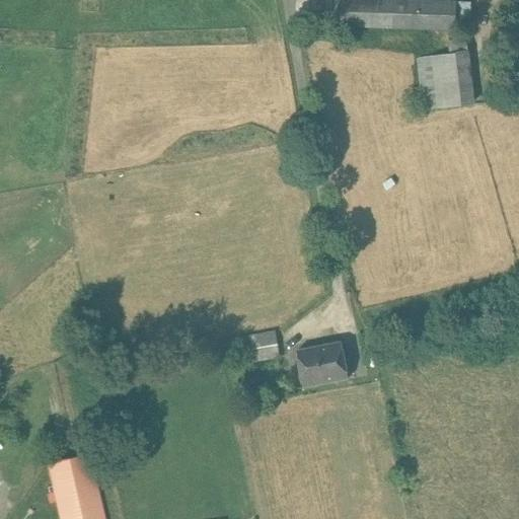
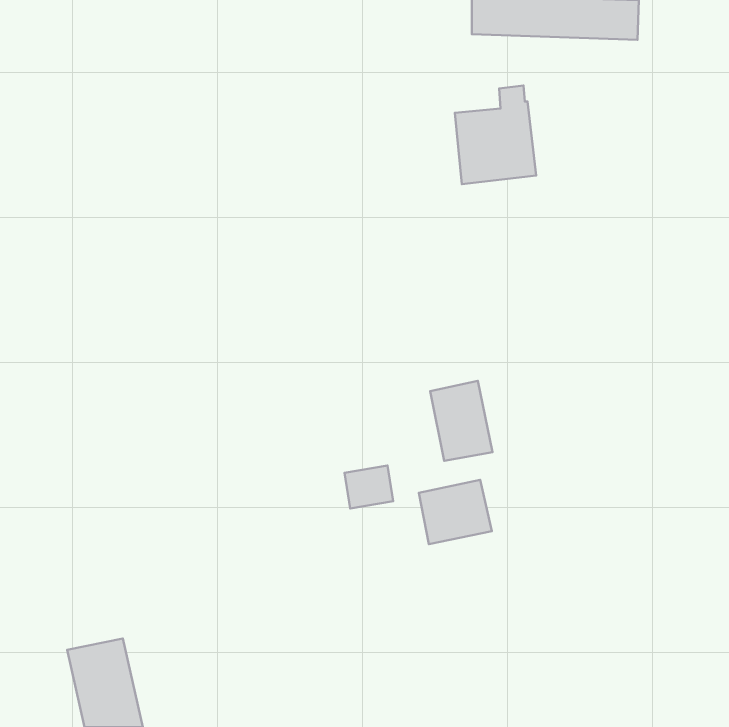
building: [418,39,475,108] -> [455,86,536,184]
building: none -> [430,381,492,461]

